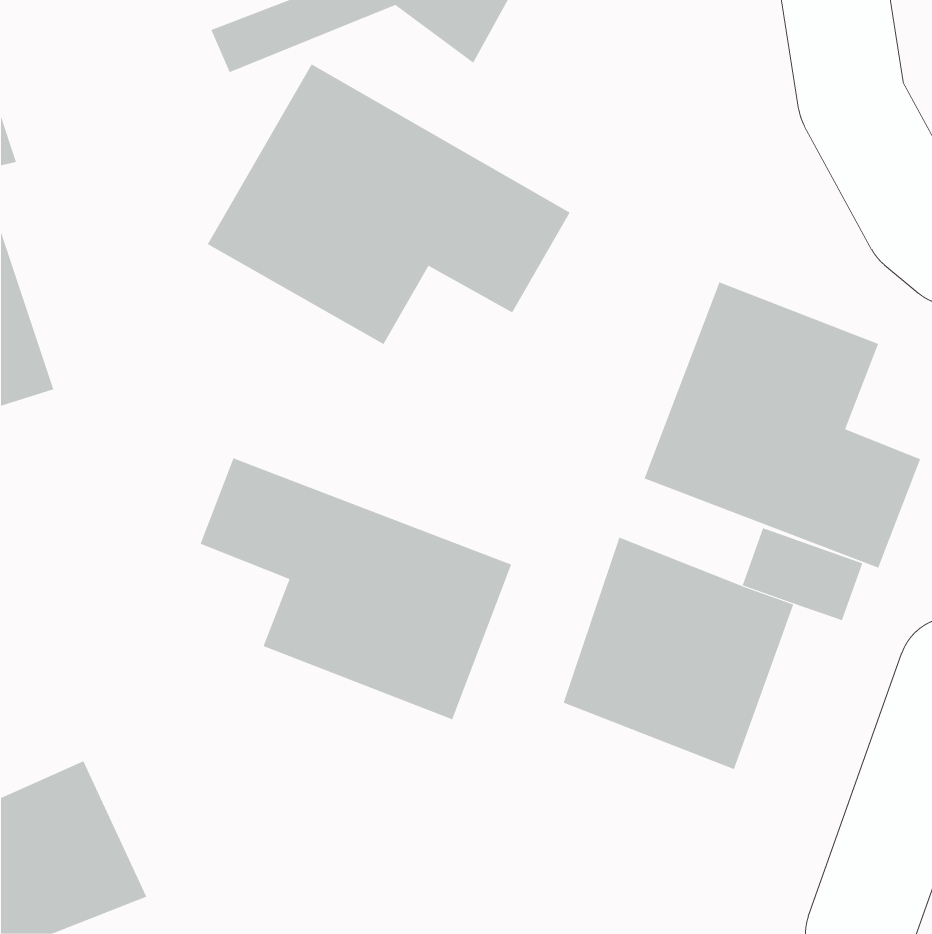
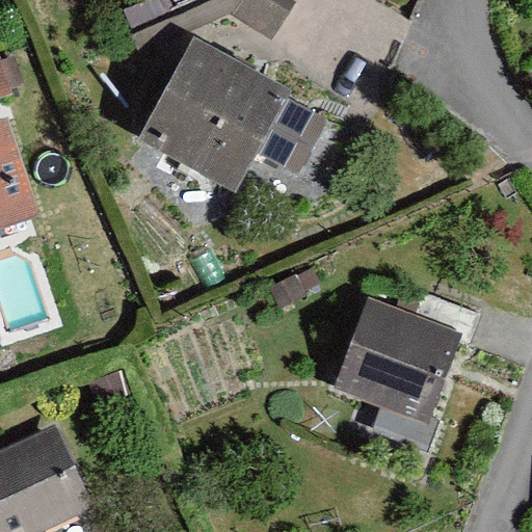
building: [644,281,921,569] -> none
building: [200,457,512,720] -> none

